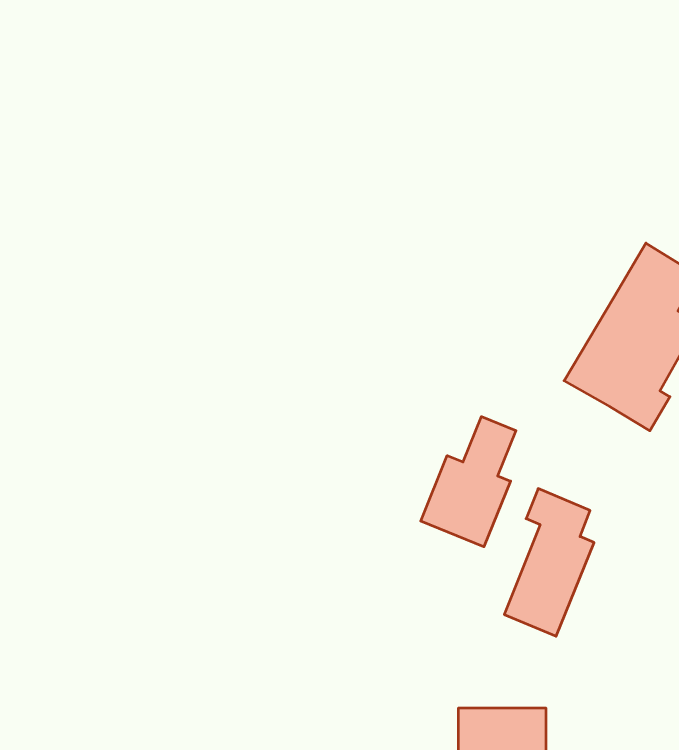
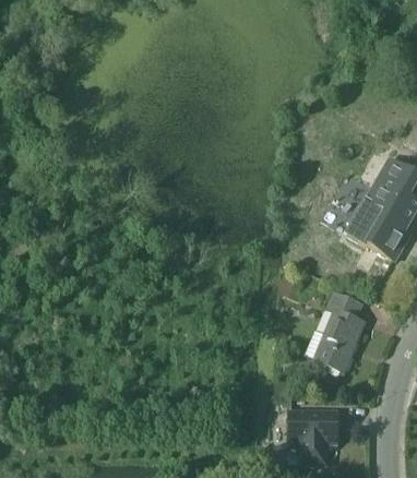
building: [421,417,516,547] -> none

